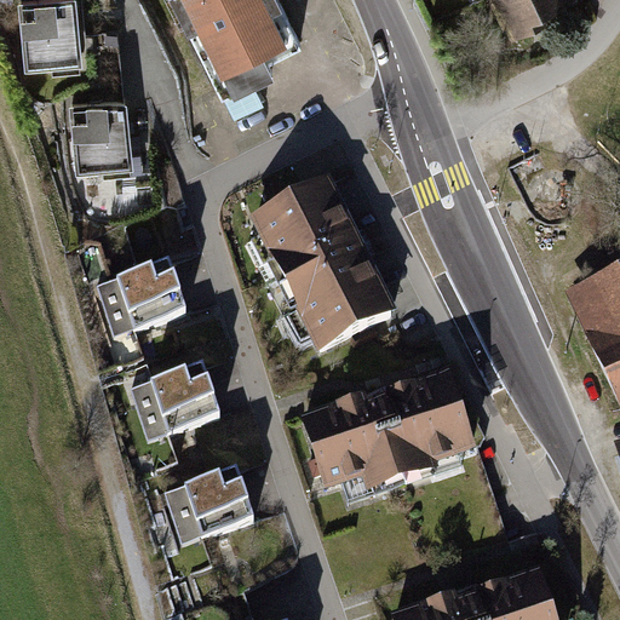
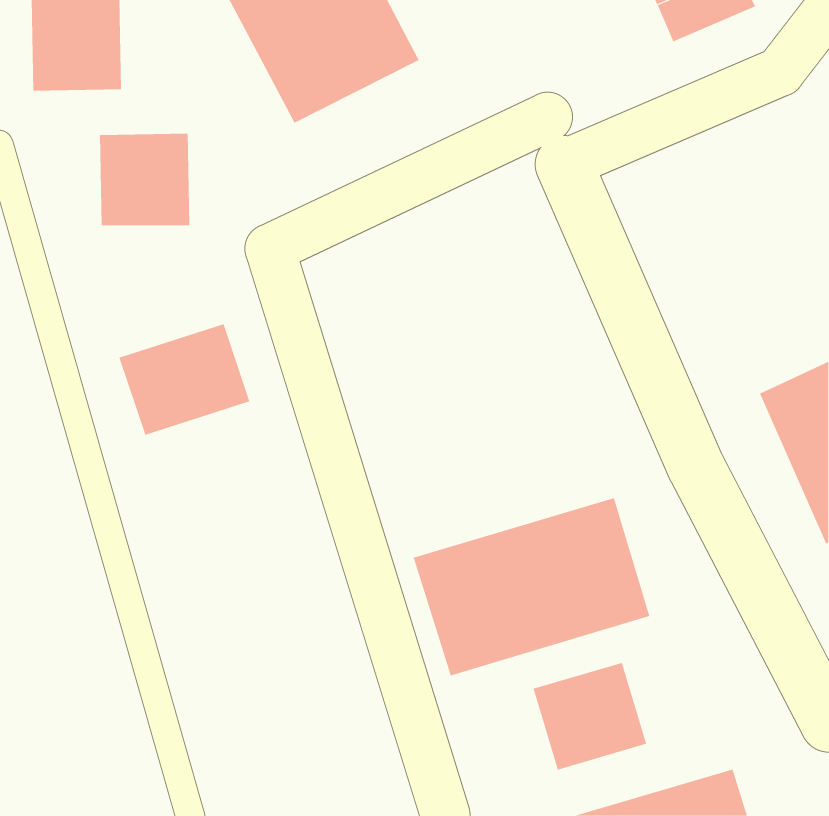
building: [241,170,389,346] -> none
building: [127,360,225,444] -> none
building: [163,472,256,541] -> none
building: none -> [533,662,647,771]

